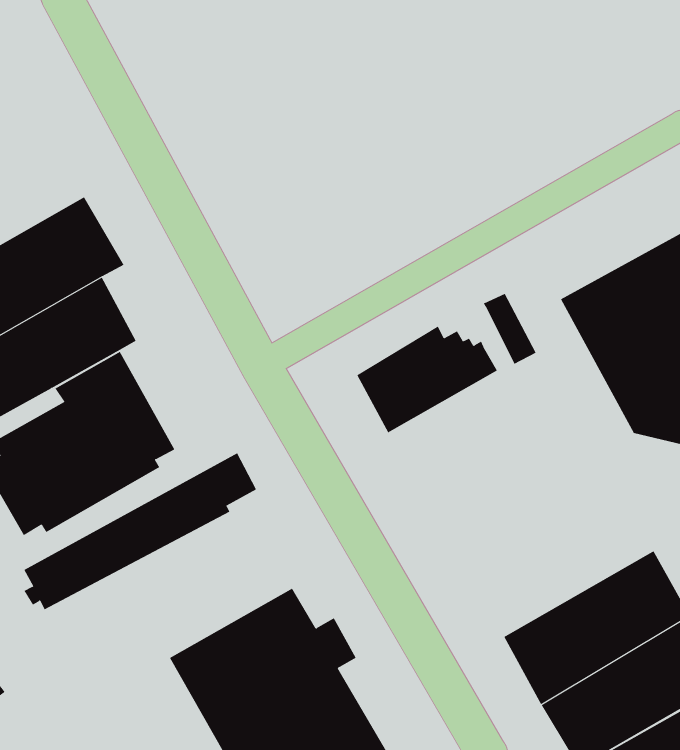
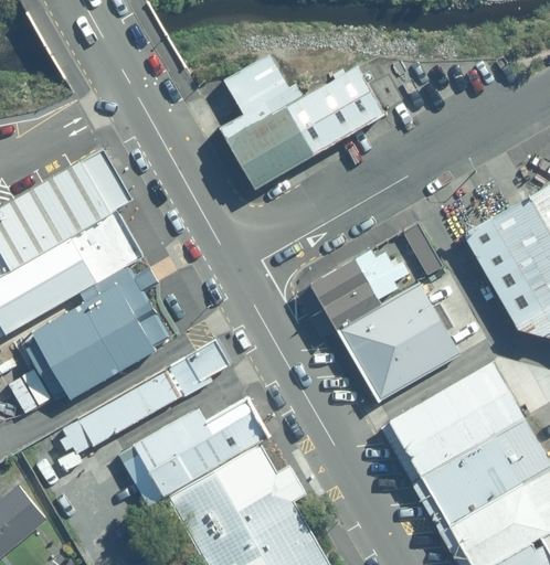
building: none -> [222,50,389,184]
building: none -> [336,286,455,396]
building: none -> [384,359,528,479]
building: none -> [117,396,272,507]

